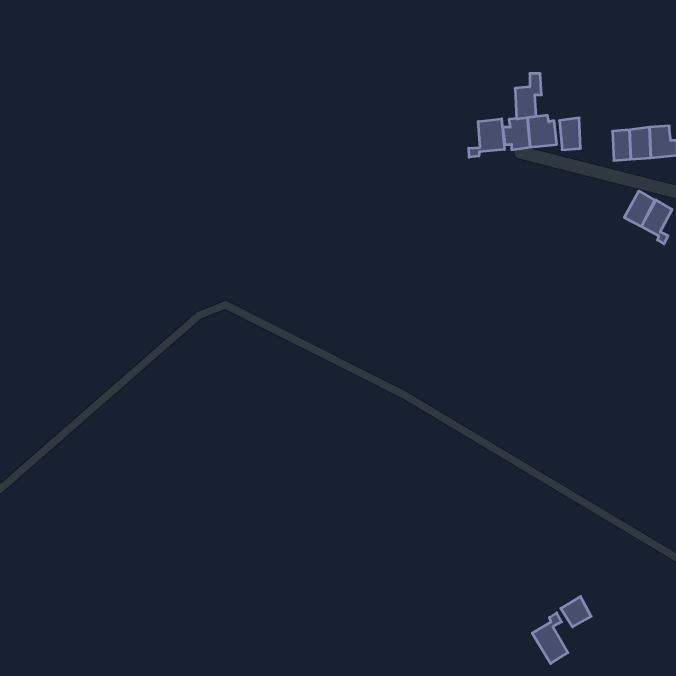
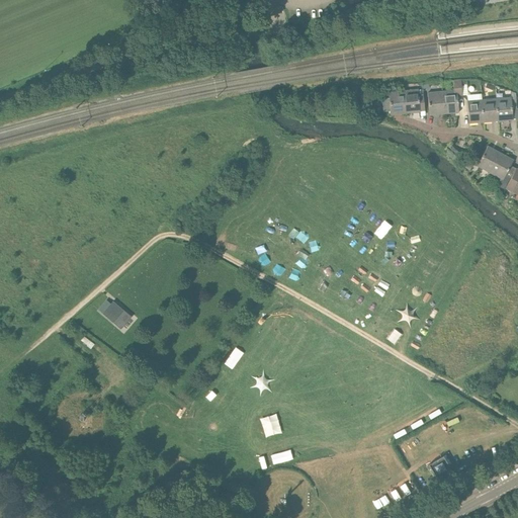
building: [515,74,542,119] -> [443,79,463,113]
building: [469,119,504,157] -> none
building: none -> [99,297,133,329]
building: [532,613,568,664] -> none

